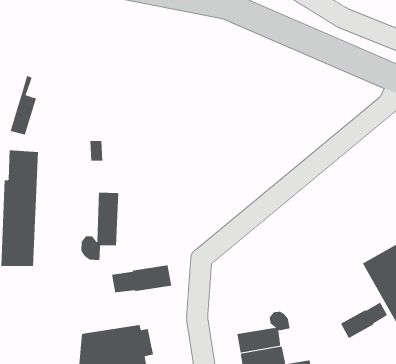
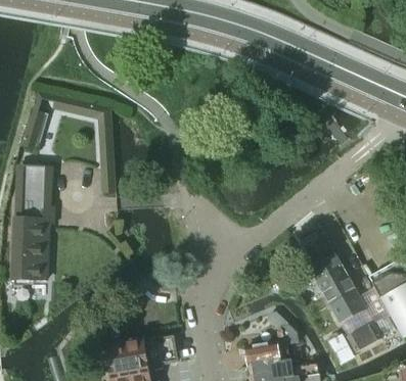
building: [81,192,119,261] -> none
building: none -> [302,239,366,325]
building: [112,264,172,293] -> none

